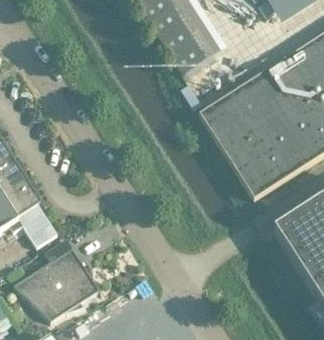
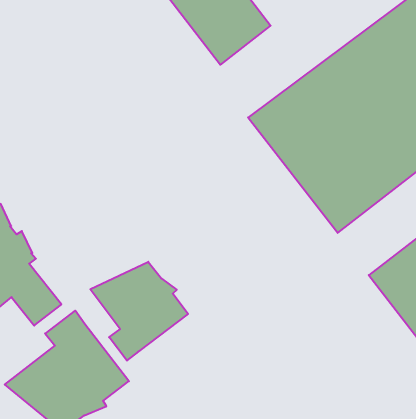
building: none -> [90,262,188,361]

